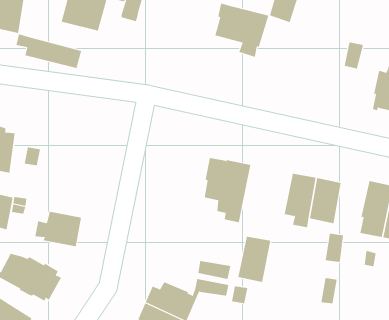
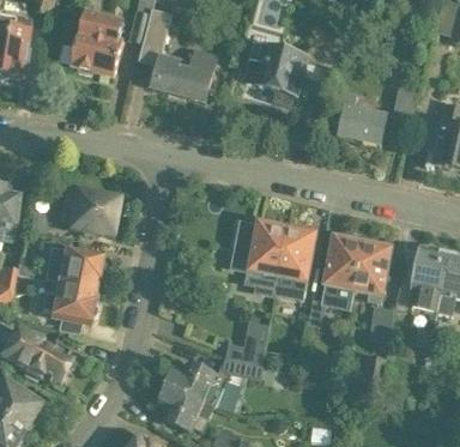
building: none -> [152,50,217,99]
building: [16,33,82,69] -> none
building: none -> [333,97,387,144]
building: none -> [59,189,116,234]
building: none -> [49,248,102,288]
building: [238,236,271,283] -> [278,228,316,280]

